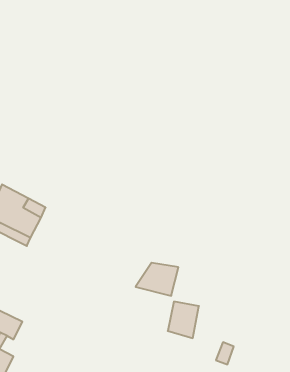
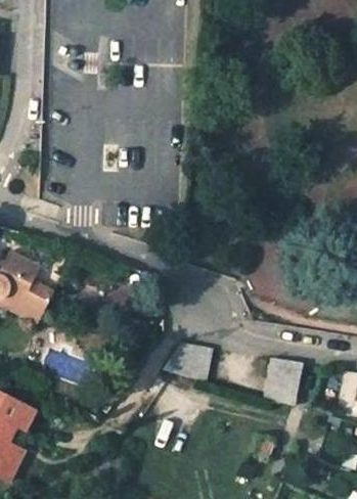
building: [168,302,199,338] -> [267,357,303,399]

